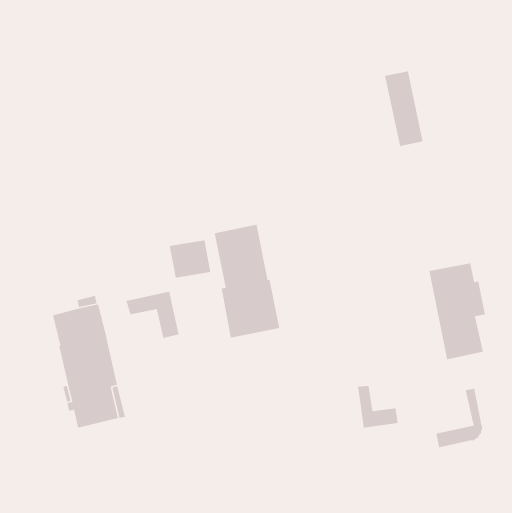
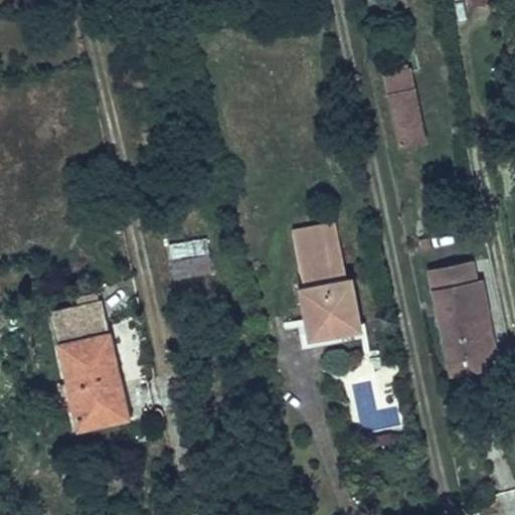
building: [214,224,280,338] -> [293,225,359,340]
building: [126,291,179,339] -> none
building: [436,388,483,448] -> [449,316,496,376]

